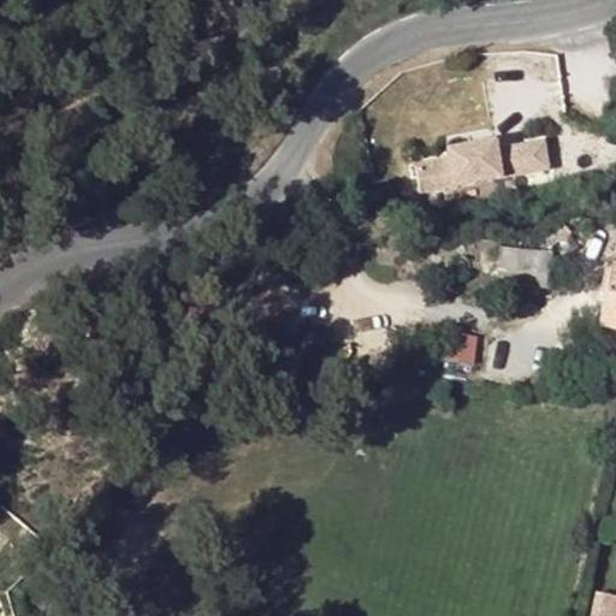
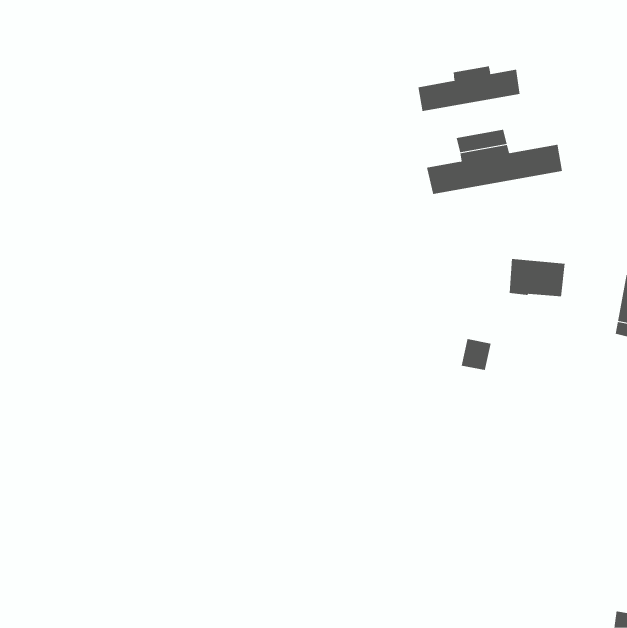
building: none -> [418,65,520,112]

